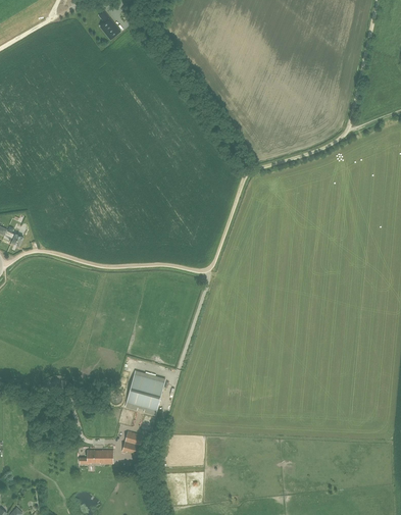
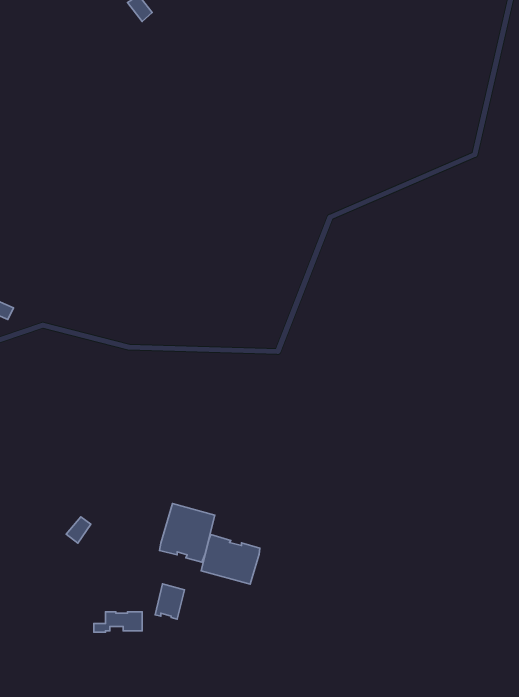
building: none -> [201,535,260,584]

